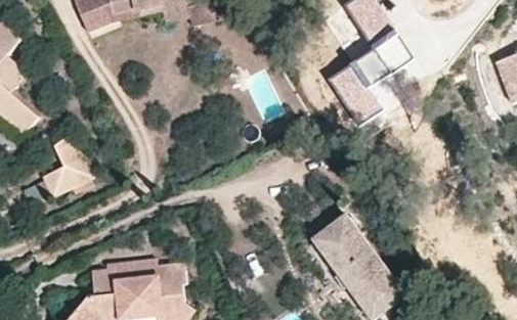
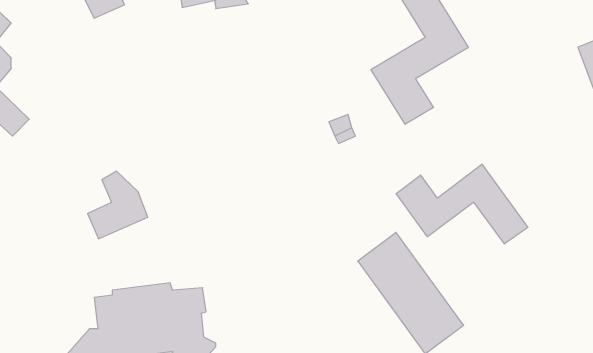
building: [39,139,90,196] -> [88,171,148,239]
building: none -> [396,164,528,244]

